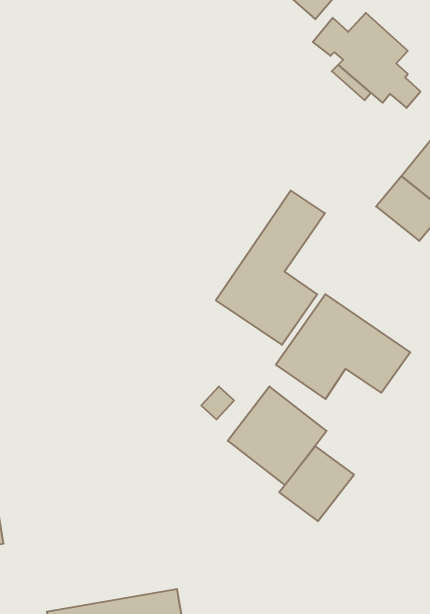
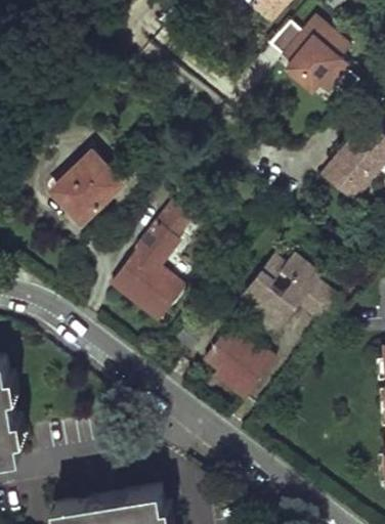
building: none -> [47,145,130,227]
building: [216,190,325,345] -> [109,199,197,323]
building: [279,446,354,521] -> none

